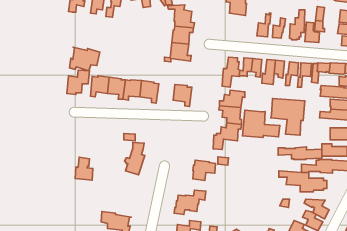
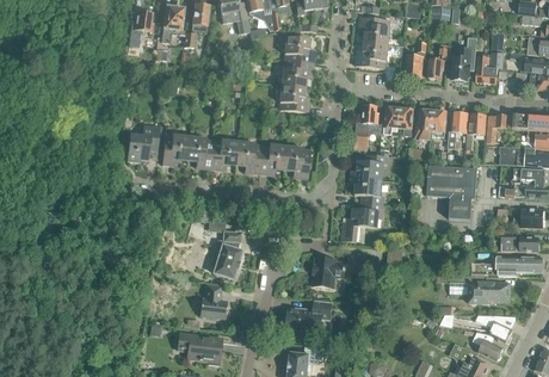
building: none -> [356,42,389,69]
building: [69,47,100,71] -> none
building: none -> [258,144,285,175]
building: [243,110,280,137] -> none
building: [278,147,322,160] -> none
building: [75,157,93,180] -> [199,284,226,317]

